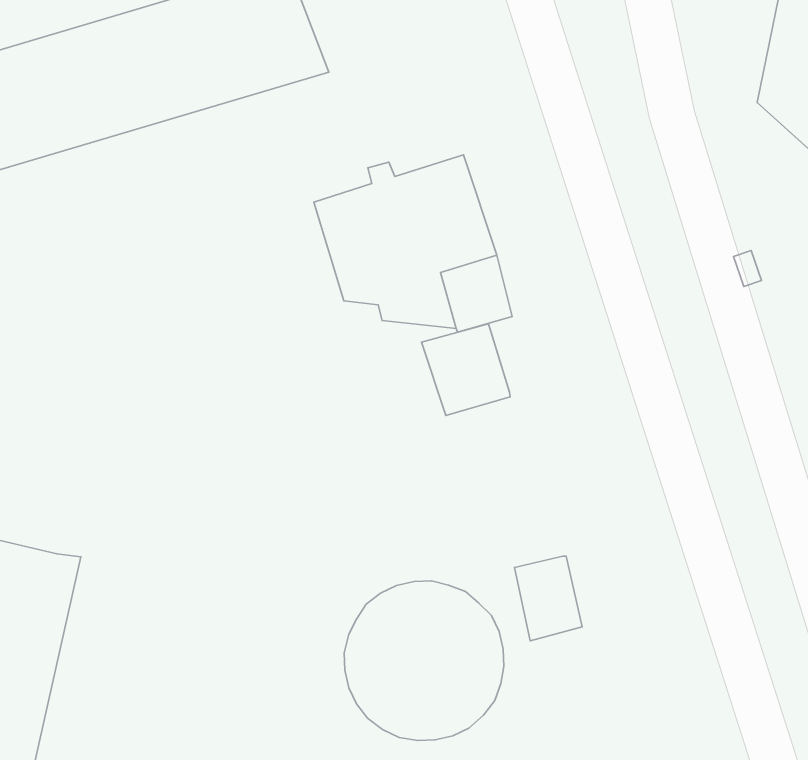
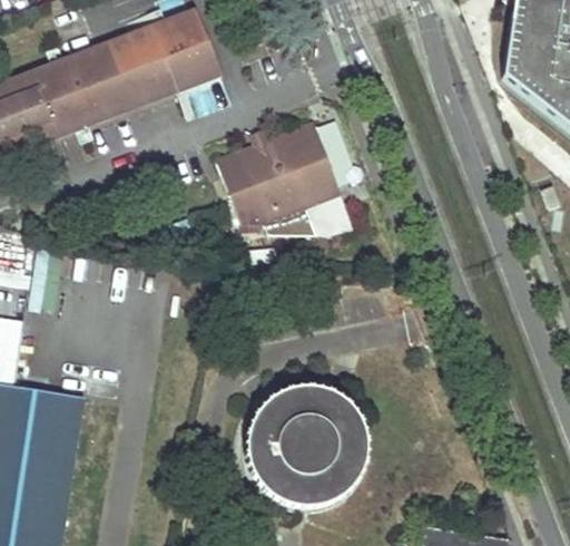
building: [421,324,510,416] -> none
building: [514,556,582,641] -> none

